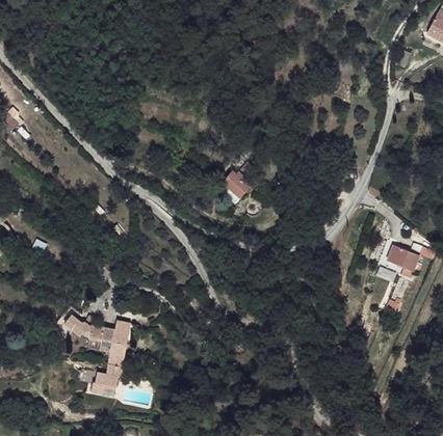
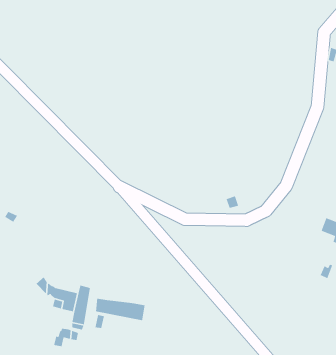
building: [218,168,252,196] -> none
building: none -> [95,298,145,321]

